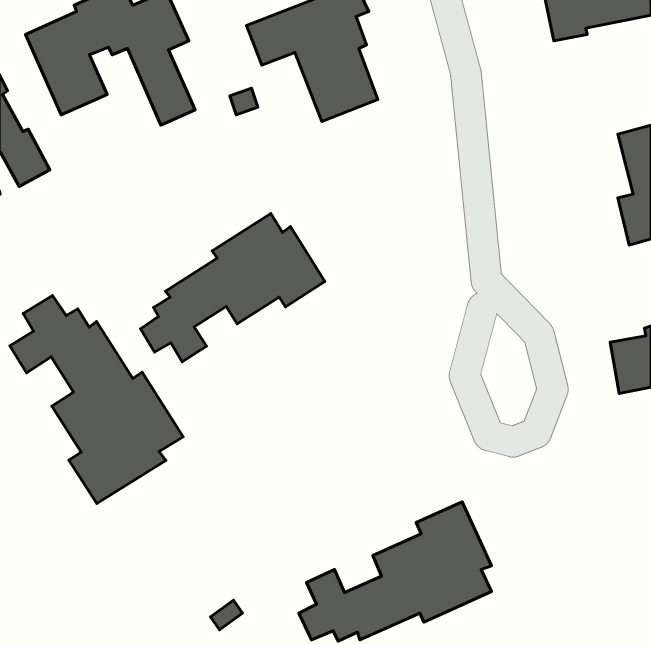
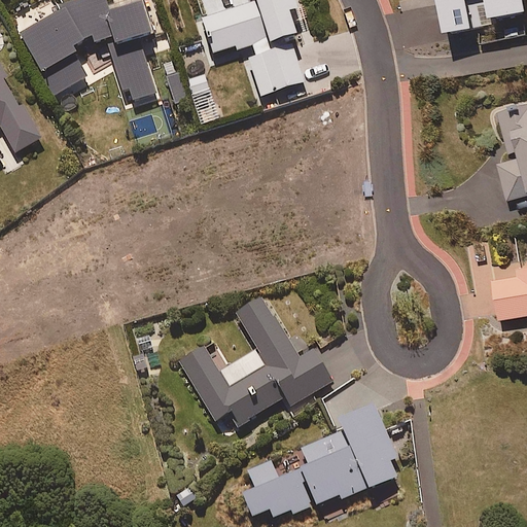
building: [140,214,325,362] -> none
building: [10,296,183,504] -> none
building: none -> [179,295,331,424]

